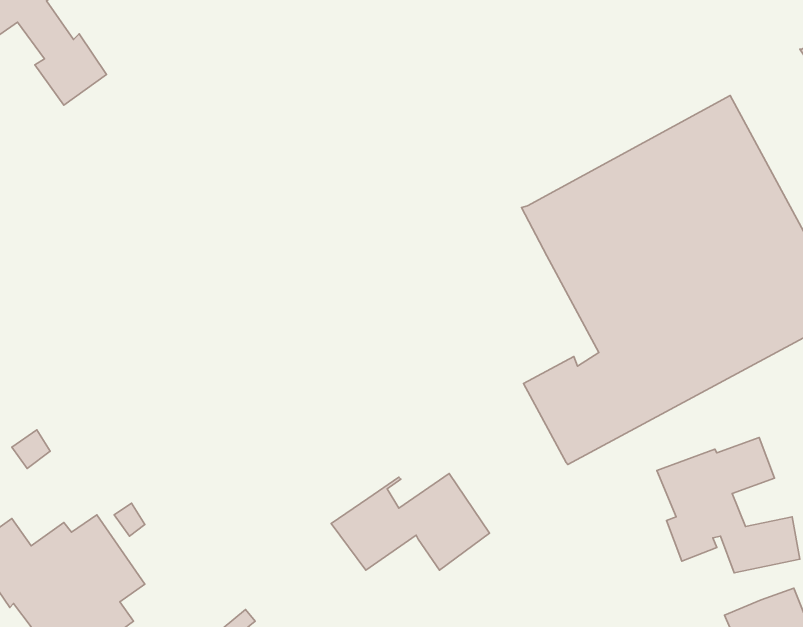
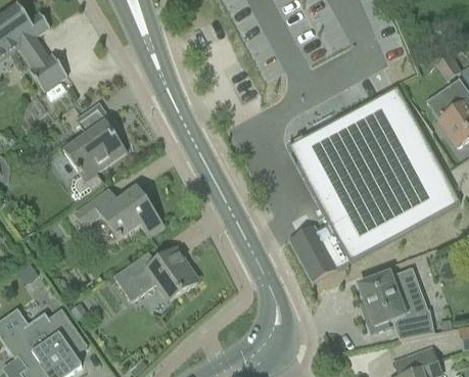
building: none -> [62,101,127,198]
building: none -> [74,186,165,239]
building: [331,473,490,570] -> [112,248,196,299]

